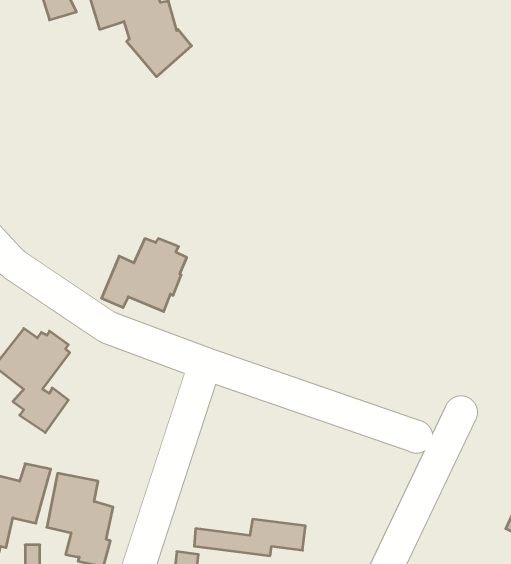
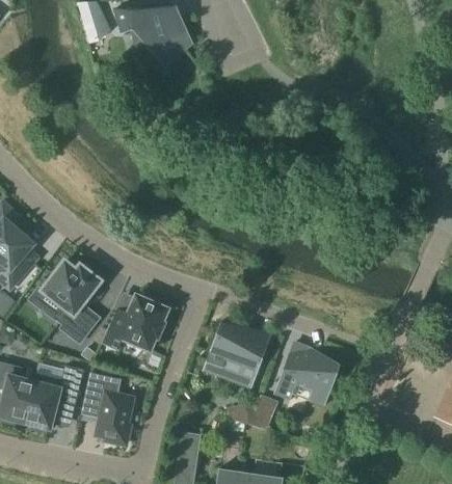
building: [101,239,187,312] -> [102,295,167,351]
building: none -> [206,323,268,389]
building: none -> [273,348,340,405]

